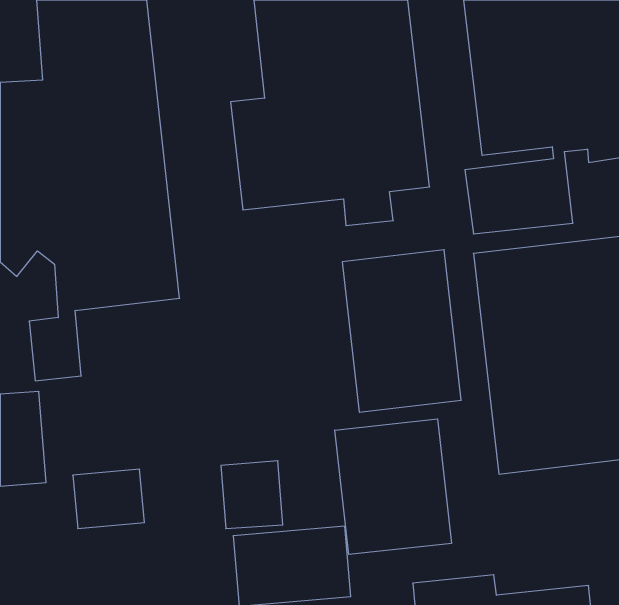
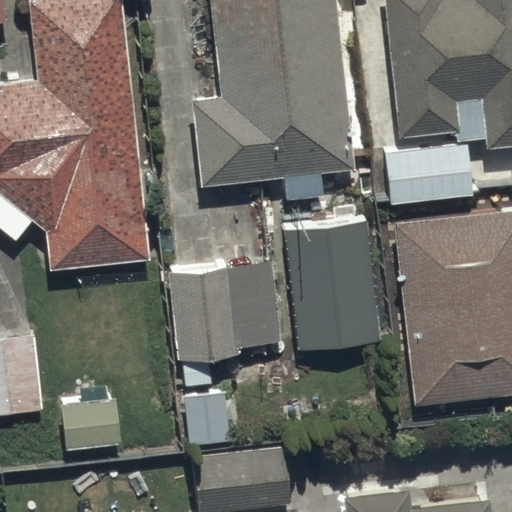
building: none -> [169,265,281,387]
building: [335,419,451,554] -> none

